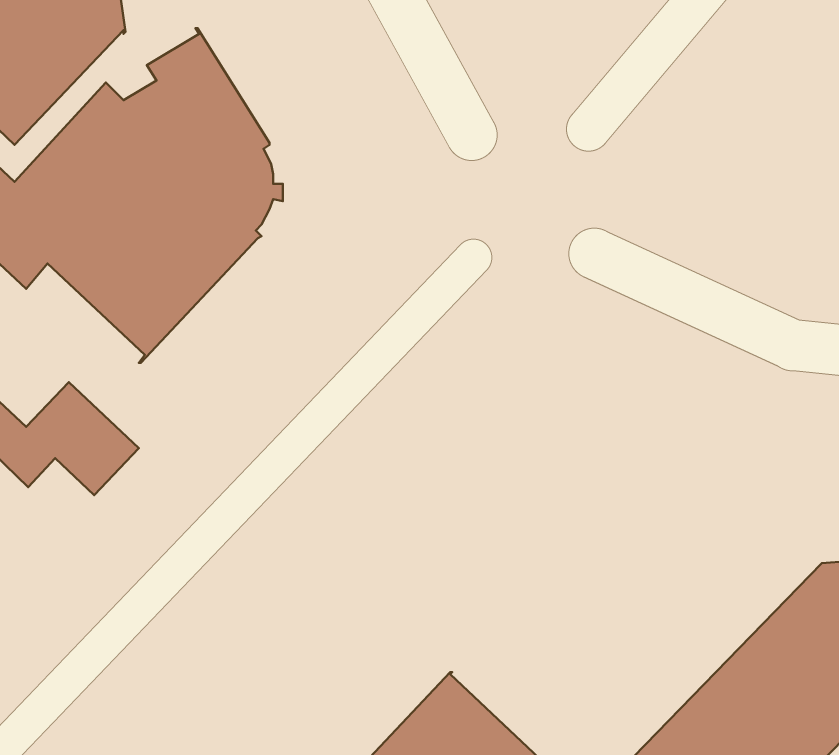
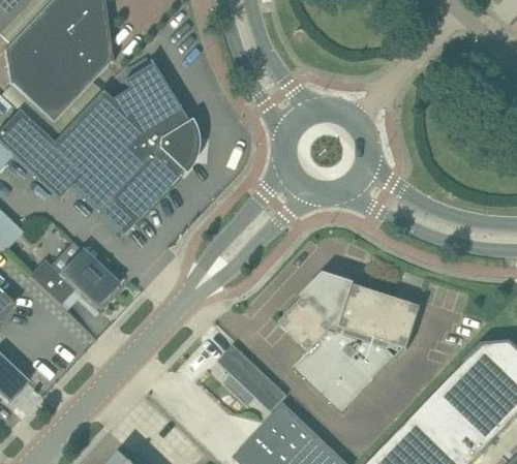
building: none -> [279,278,421,412]
building: none -> [215,341,284,411]

